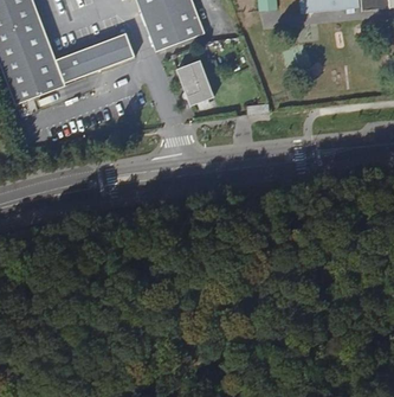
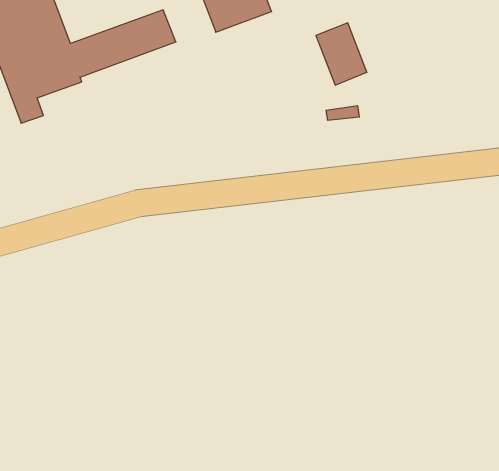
building: [176,60,214,107] -> [316,23,367,85]

